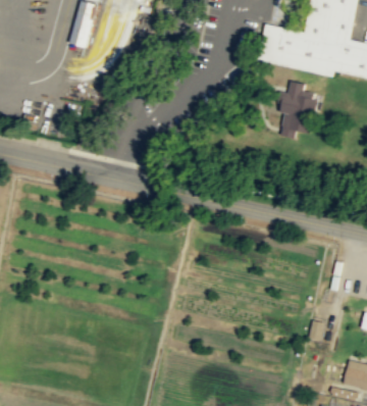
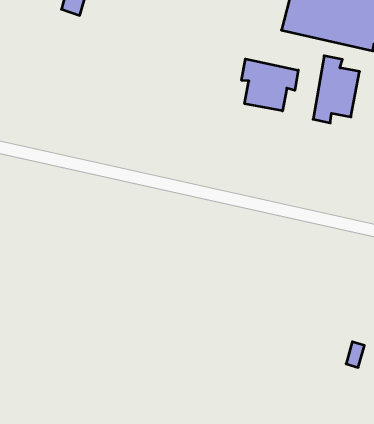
building: none -> [242,59,298,111]

